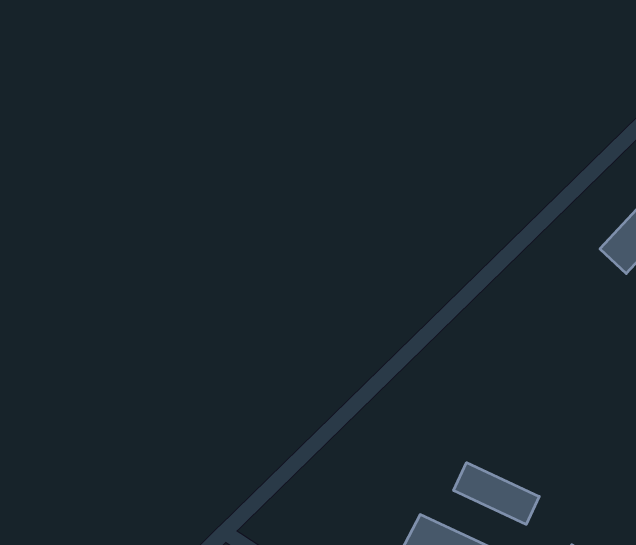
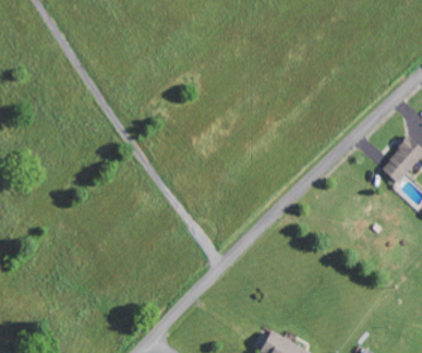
building: [454,463,539,524] -> none

